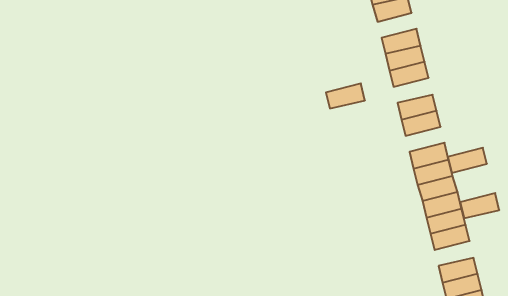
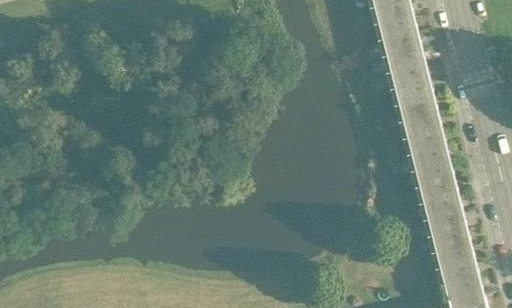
building: none -> [378,16,417,41]
building: [326,83,365,108] -> [394,81,433,106]
building: [448,148,487,173] -> [406,130,445,155]
building: [460,193,499,218] -> [435,244,474,269]

